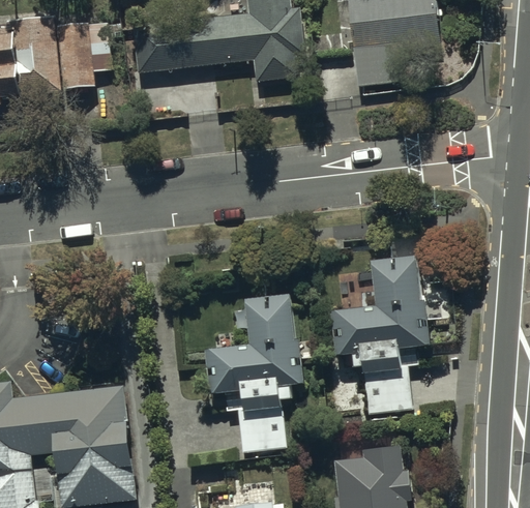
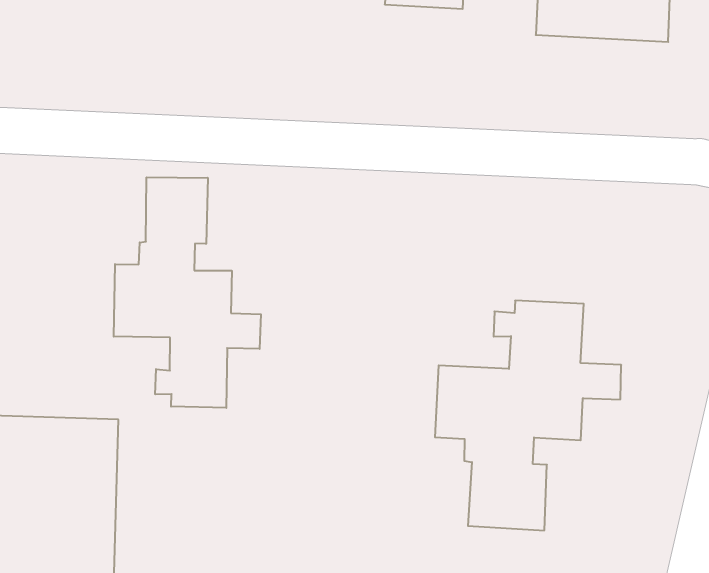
building: none -> [114,177,261,408]
building: [204,294,305,451] -> none

